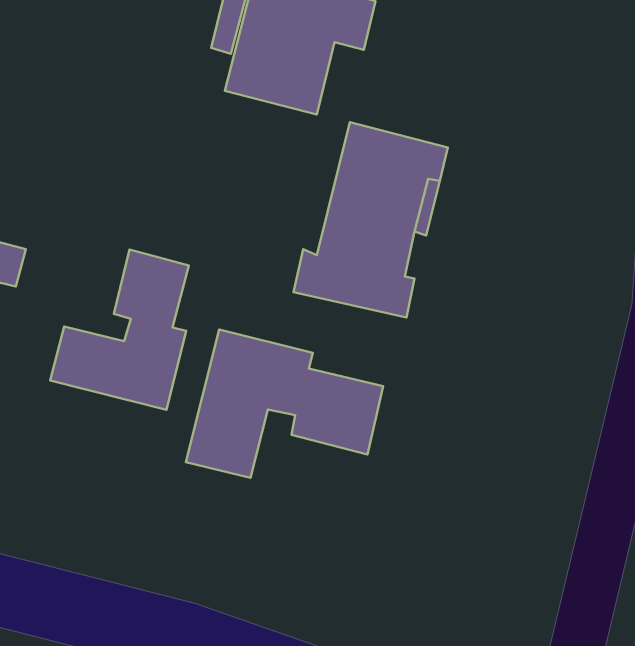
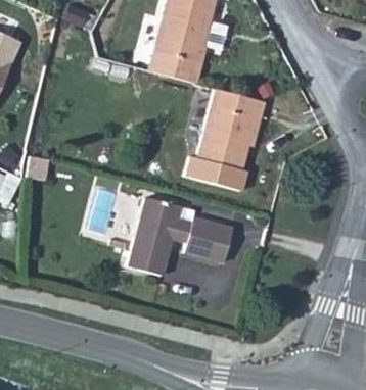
building: [50,249,189,410] -> none

